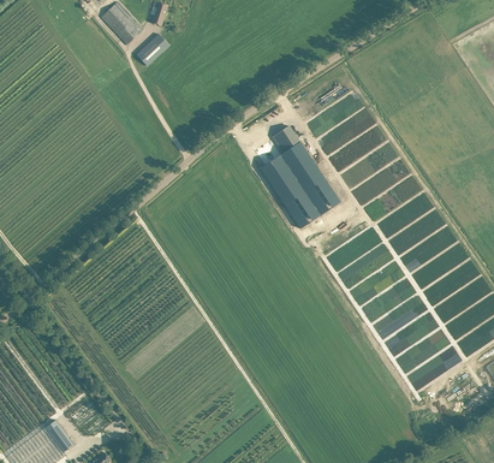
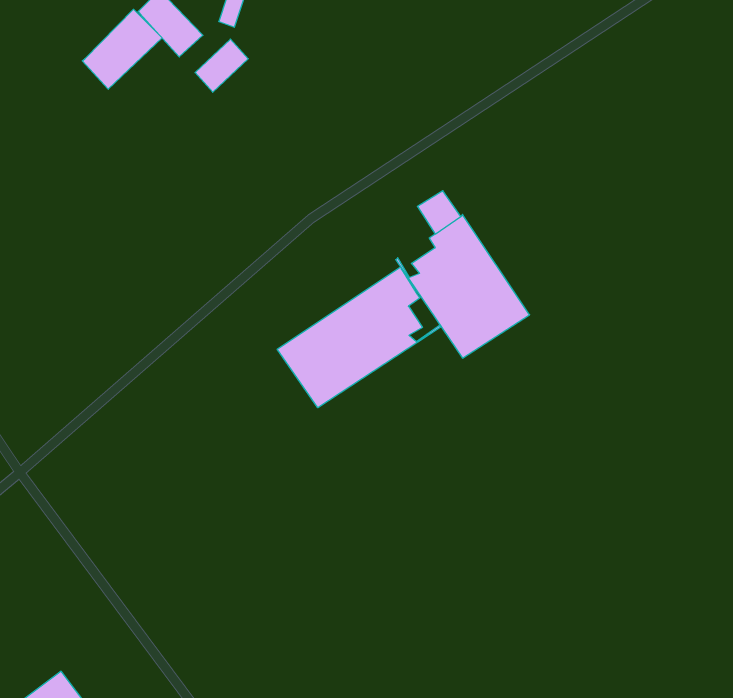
building: none -> [82,9,162,89]
building: none -> [277,267,440,408]

